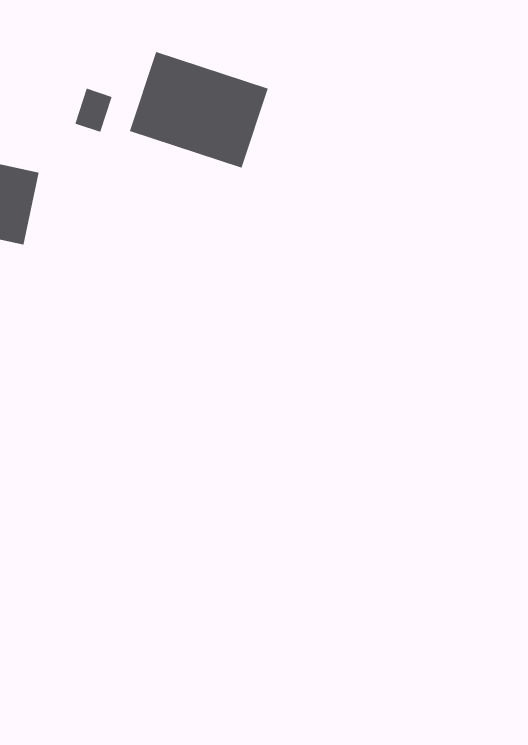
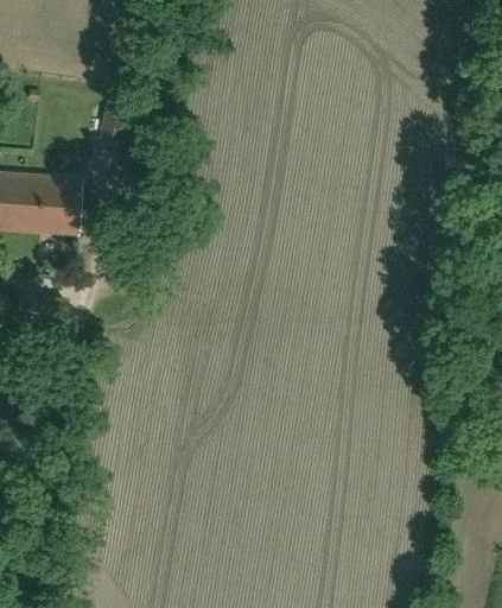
building: [129,51,269,168] -> none

